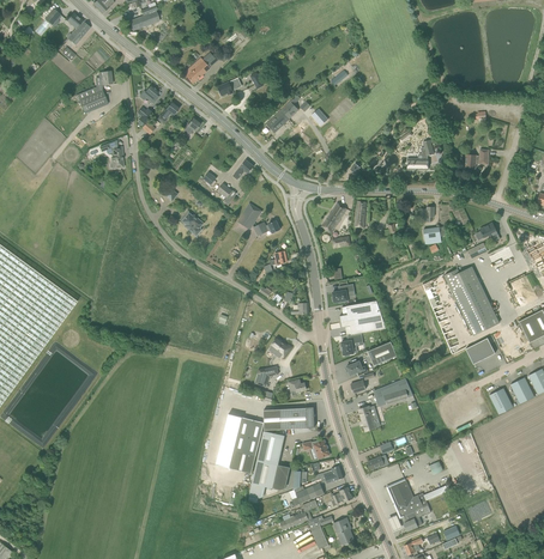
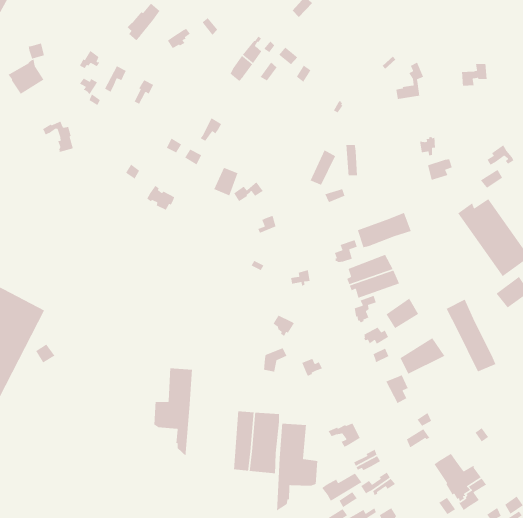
building: none -> [357,212,412,248]
building: none -> [446,299,496,373]
building: none -> [153,368,193,457]
building: [264,408,314,431] -> none

